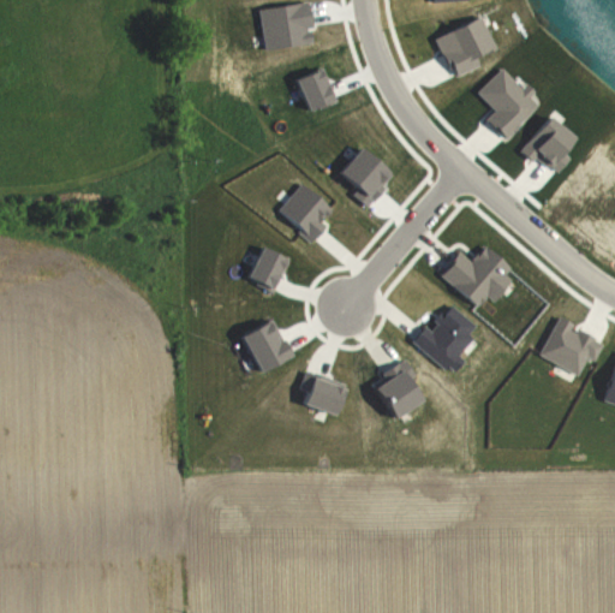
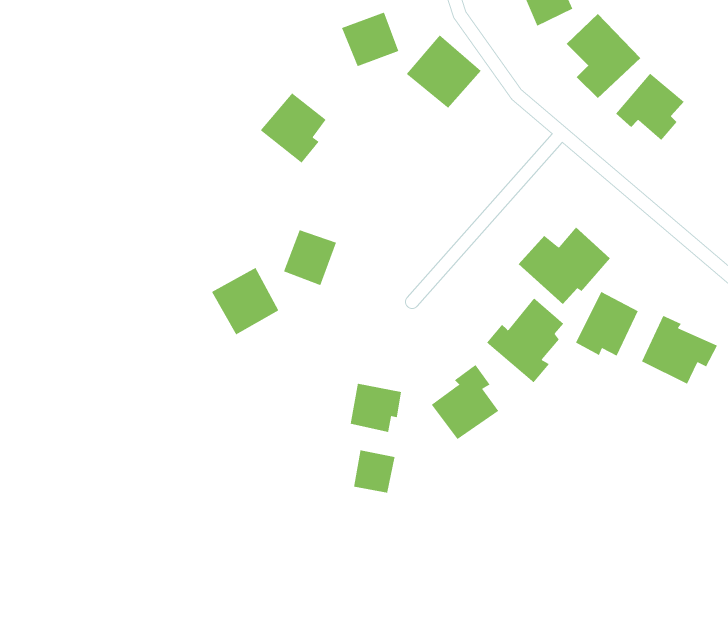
building: [333,144,395,206] -> [406,35,481,109]
building: [277,183,333,242] -> [260,92,327,163]
building: none -> [575,291,639,357]
building: [234,316,291,373] -> [211,267,279,335]
building: none -> [353,450,395,493]

